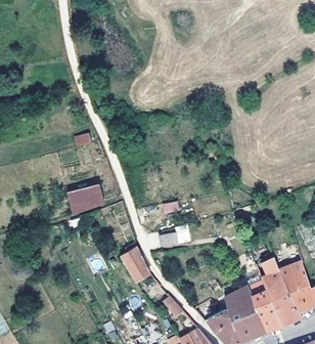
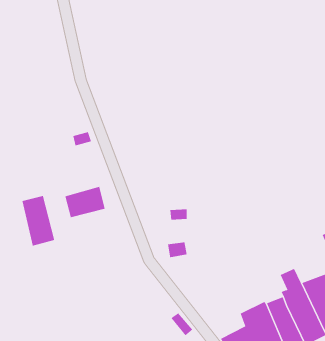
building: none -> [22,195,55,246]
building: [120,246,149,283] -> none

